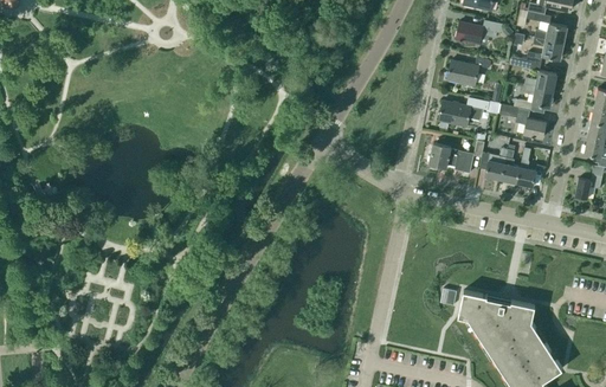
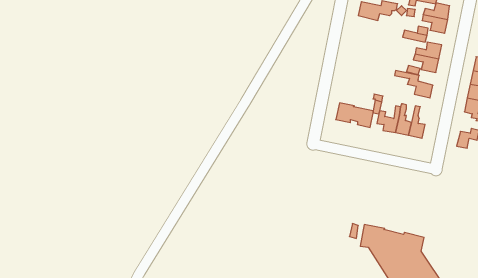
building: [446,58,489,86] -> none
building: [438,98,499,127] -> none

